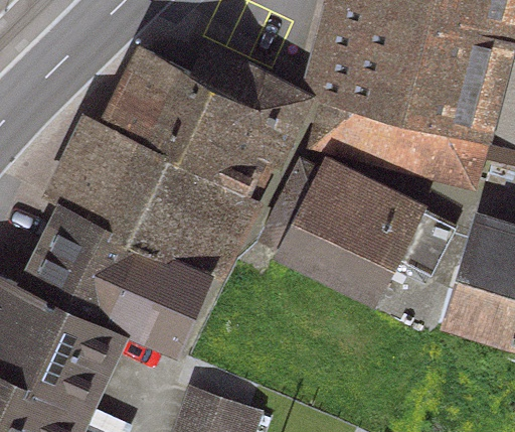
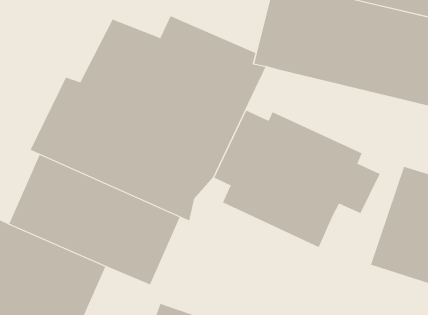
building: [318,103,492,190] -> none

